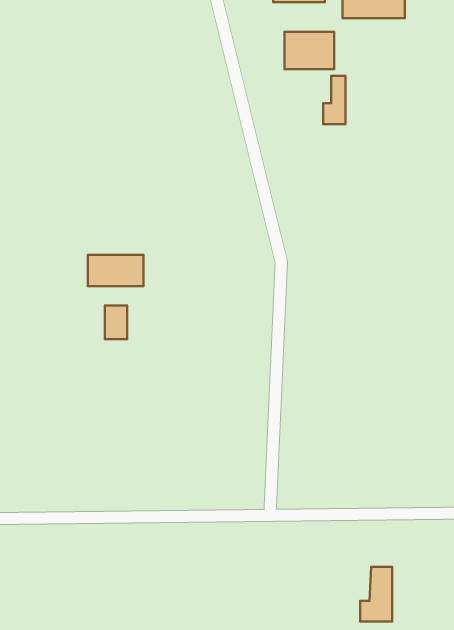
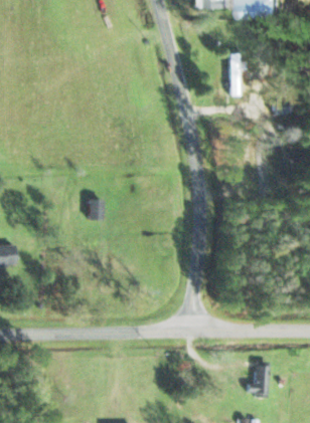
building: [285,32,334,69] -> none
building: [88,255,143,286] -> none

